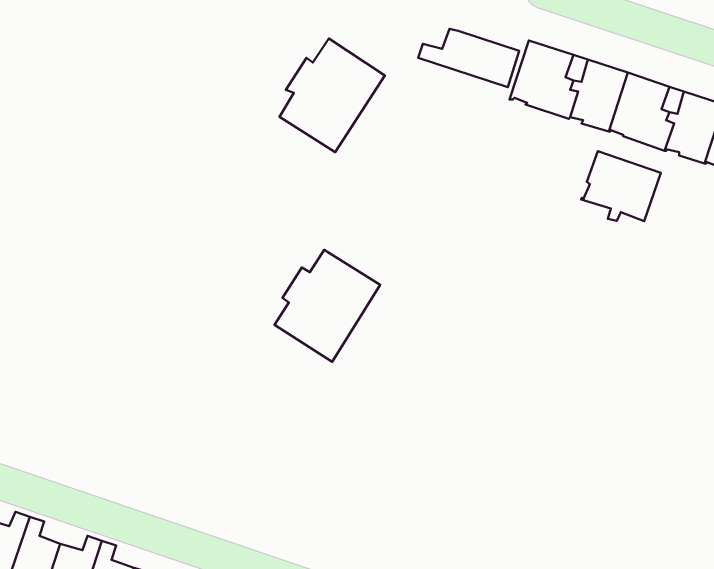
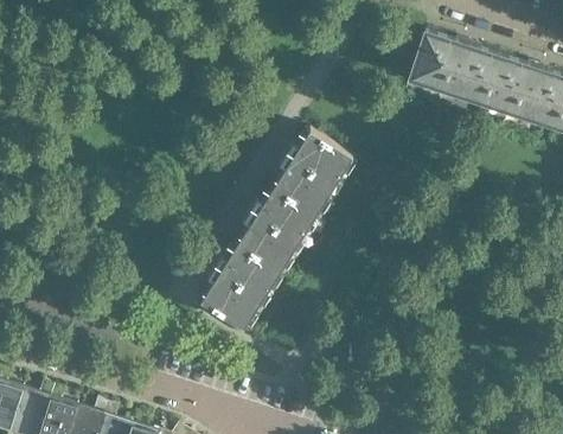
building: [418,29,519,87] -> none
building: [279,39,385,152] -> [271,132,350,216]
building: [581,151,661,221] -> none
building: none -> [199,245,277,330]

